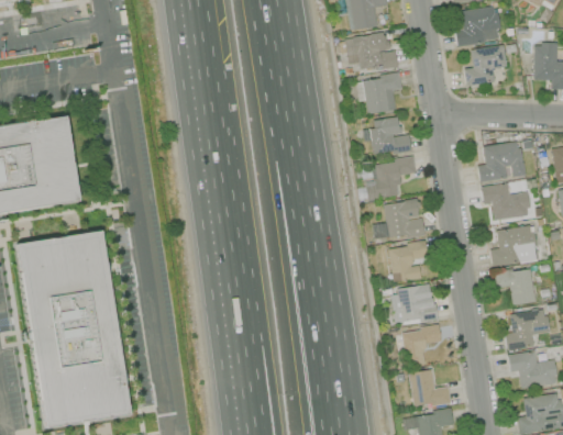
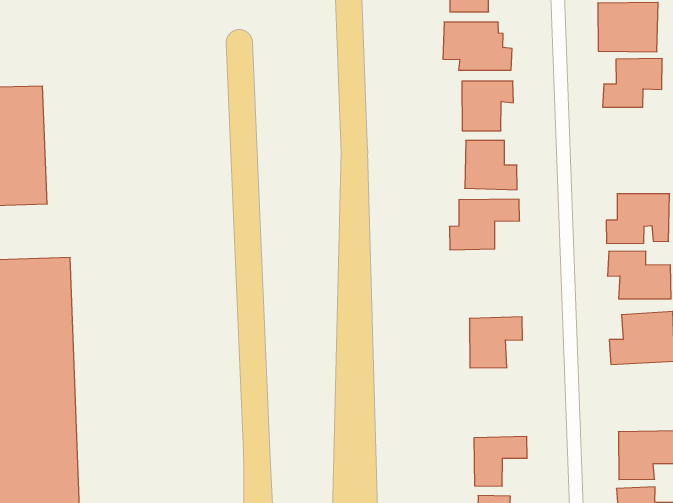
building: [384,199,426,239] -> none
building: [496,268,537,304] -> none
building: [391,285,437,323] -> none

